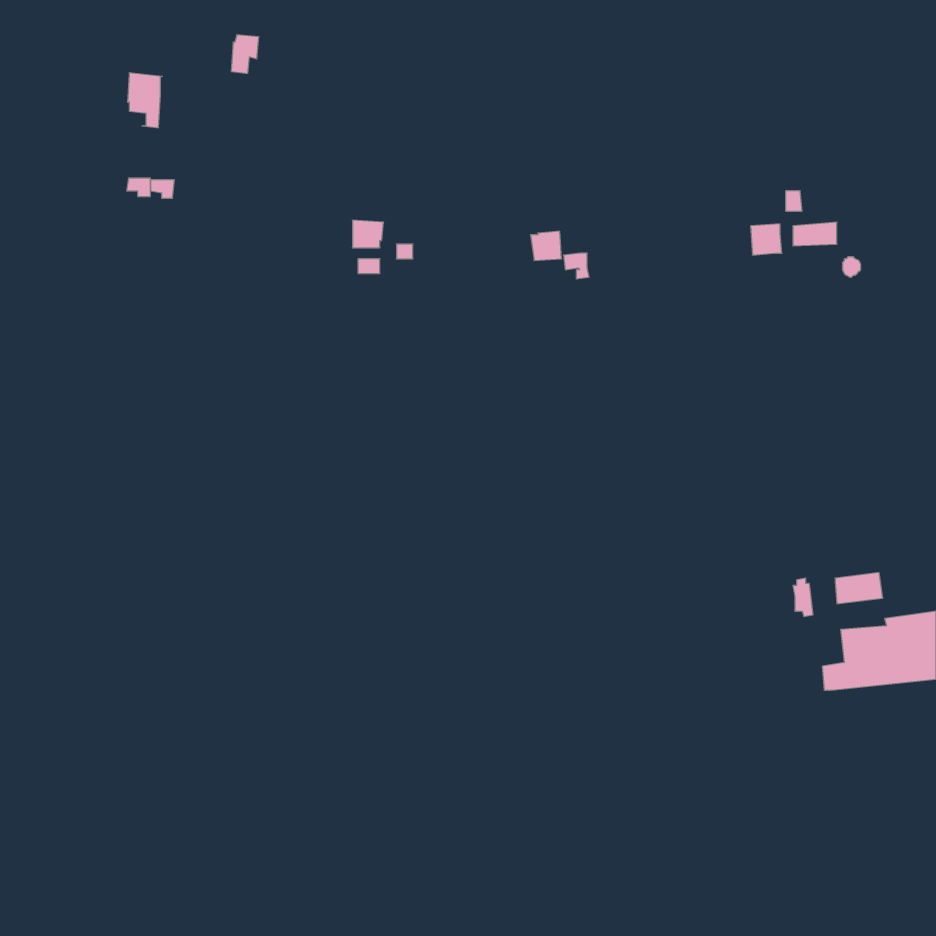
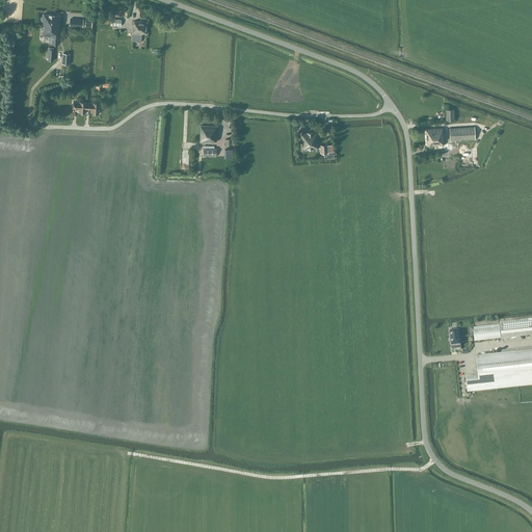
building: [127,73,162,128] -> [41,12,60,44]

